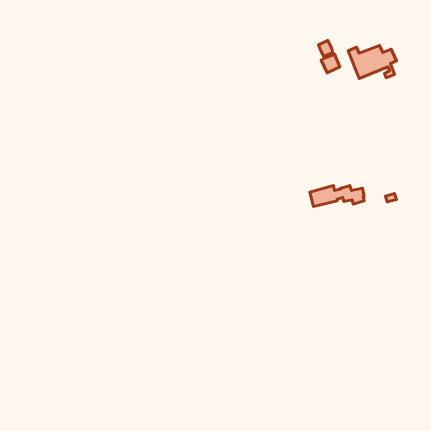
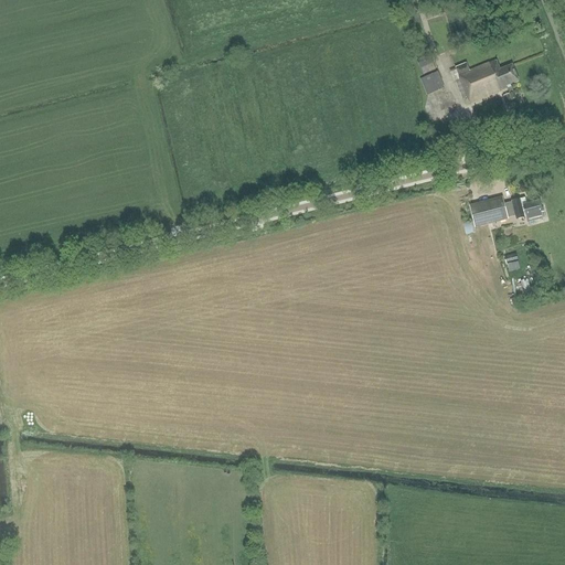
building: [310,186,364,207] -> [471,198,542,225]

